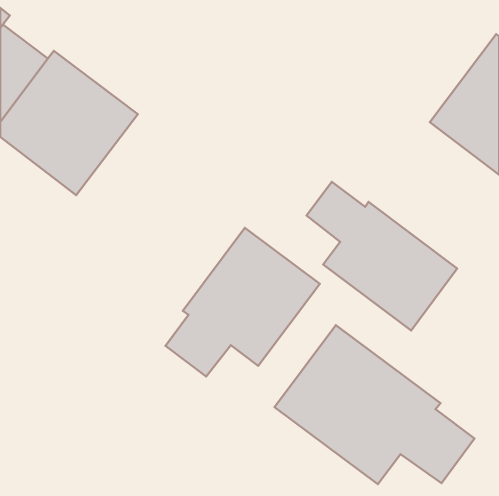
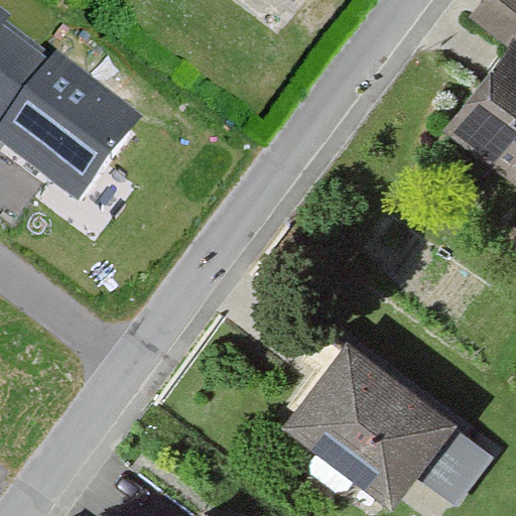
building: [306,182,457,330] -> none
building: [165,228,320,376] -> none

